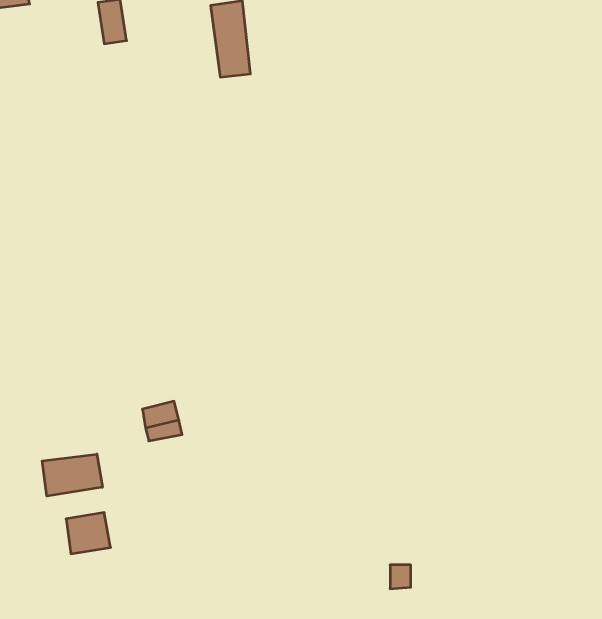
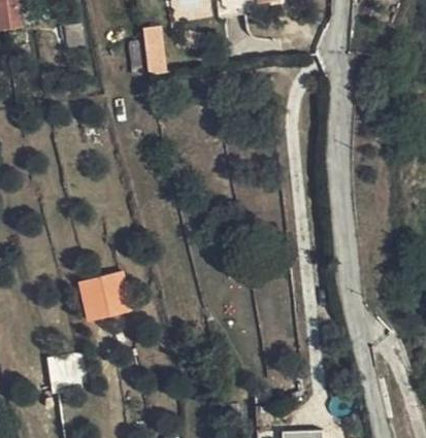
building: [42,454,102,496] -> none

